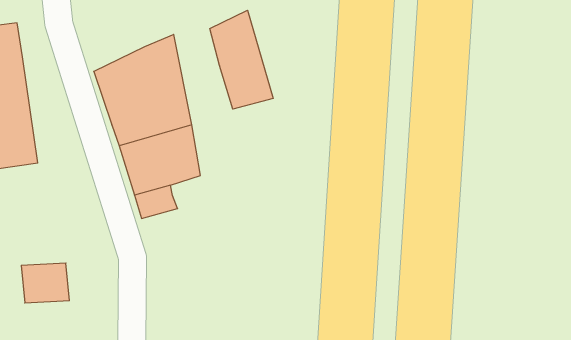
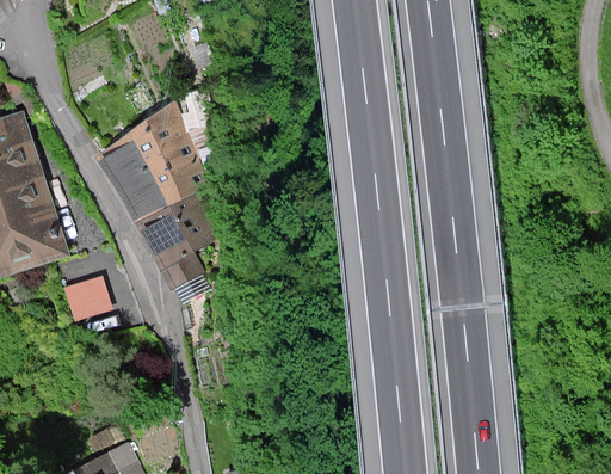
building: [210,10,273,109] -> none
building: [21,263,69,303] -> [67,271,119,316]

